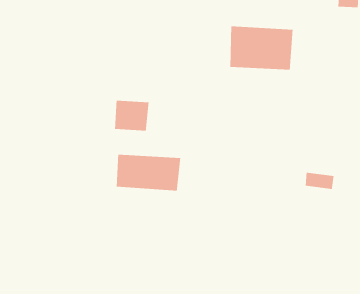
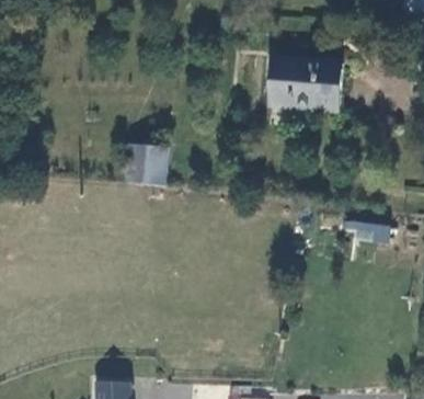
building: [116,154,181,191] -> none

